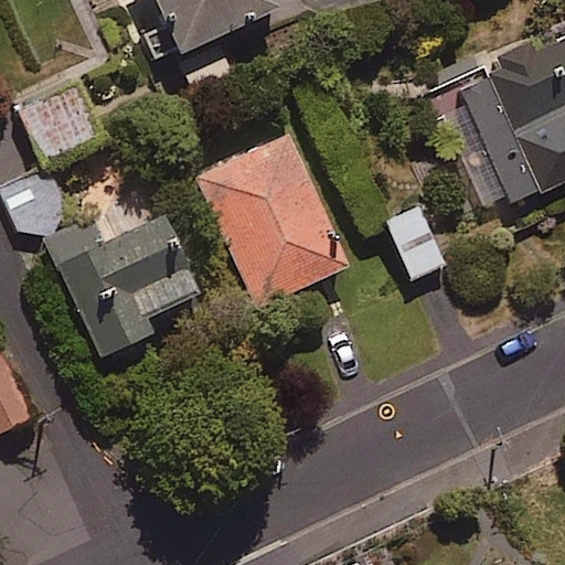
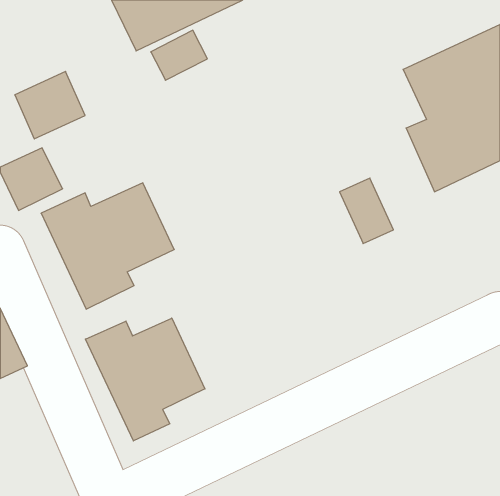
building: [196,132,349,306] -> none
building: none -> [85,318,205,441]

